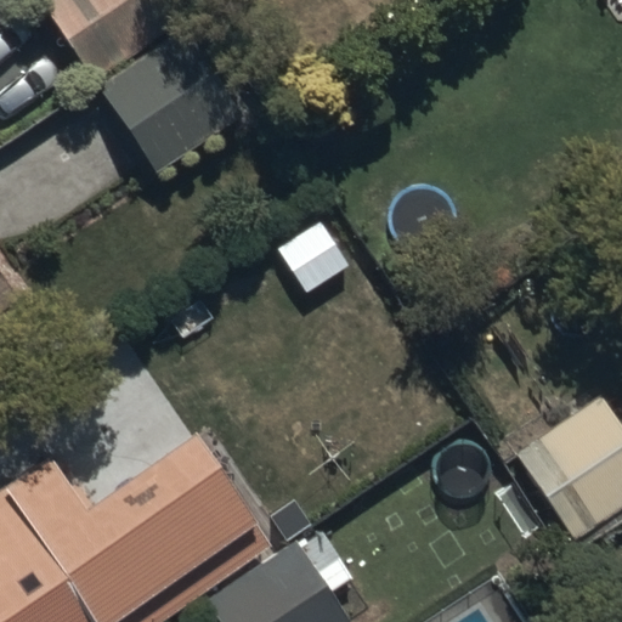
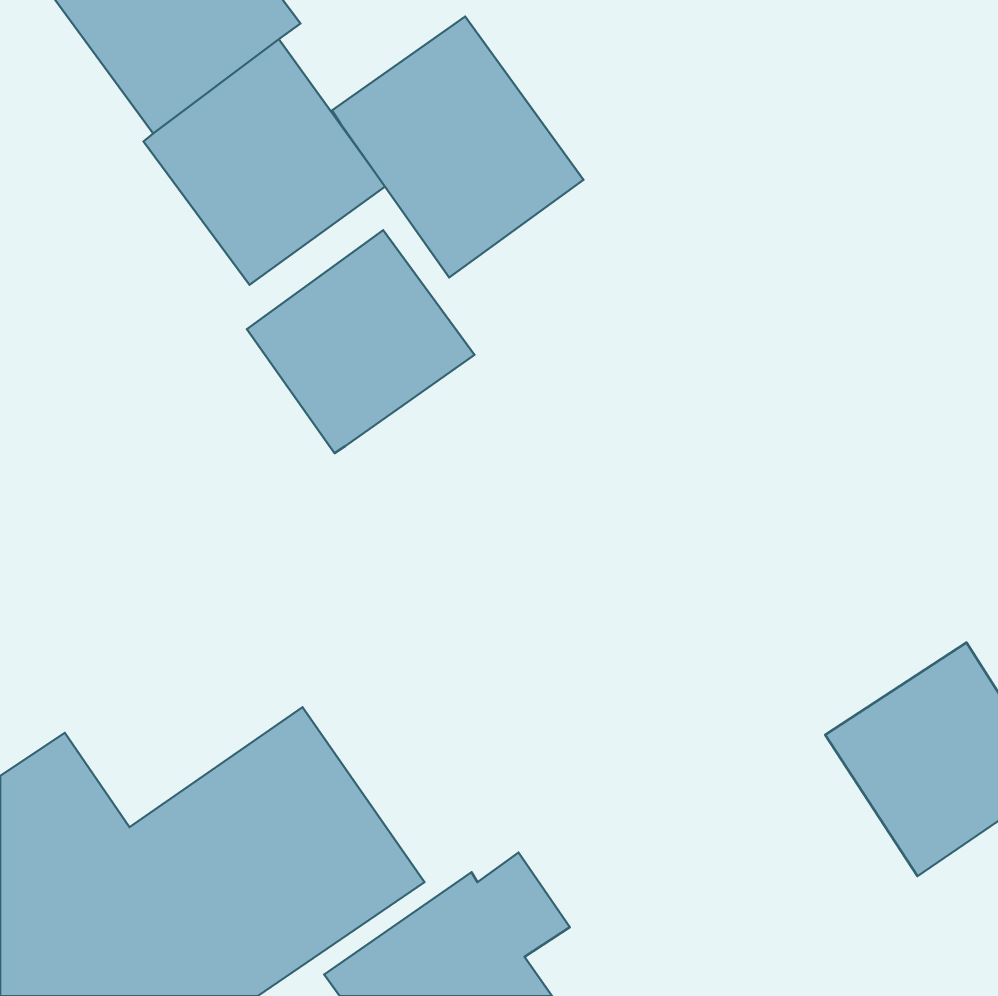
building: none -> [332,17,583,278]
building: none -> [247,230,474,453]

